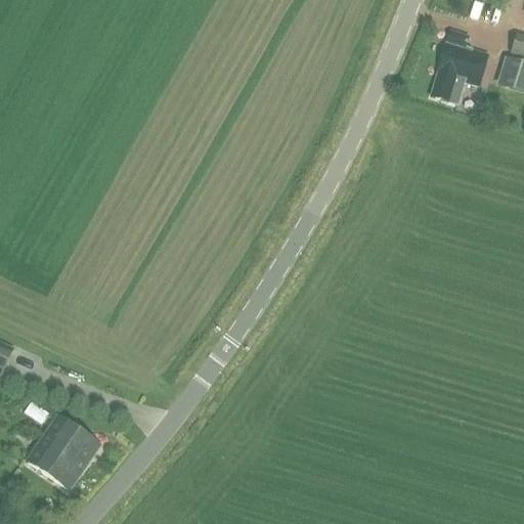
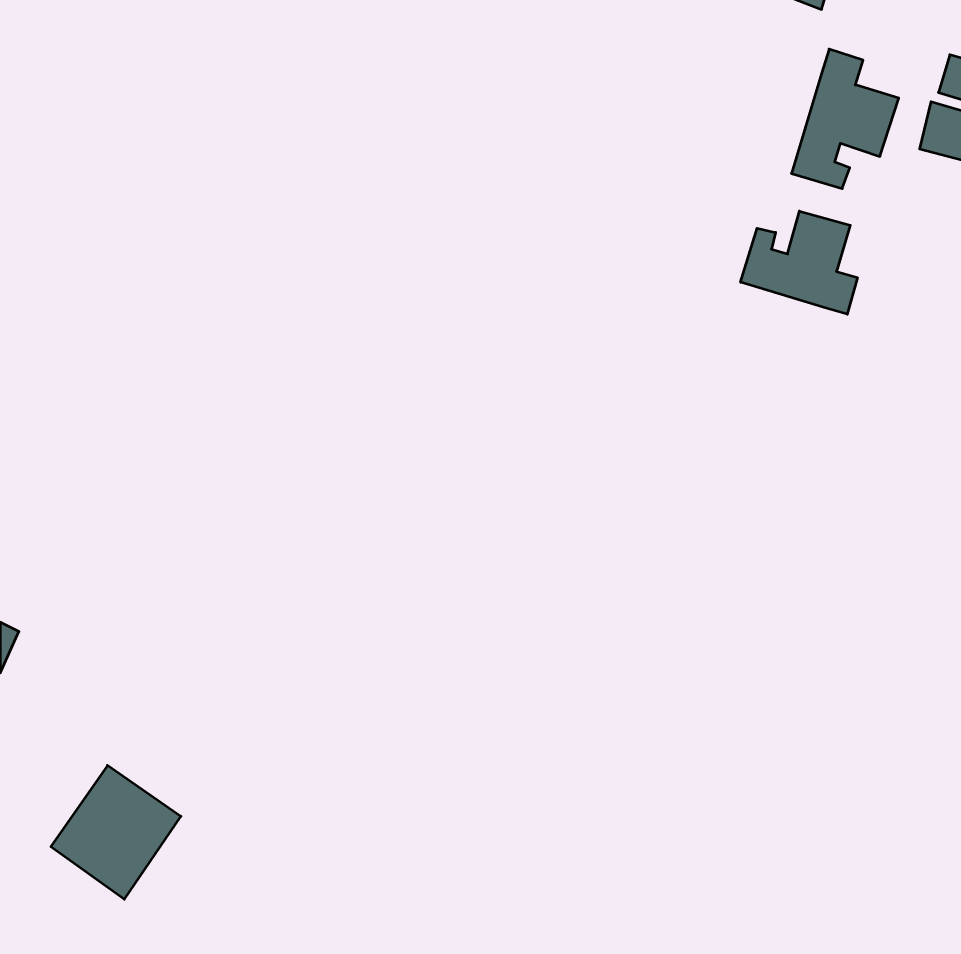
building: none -> [741,211,857,314]

